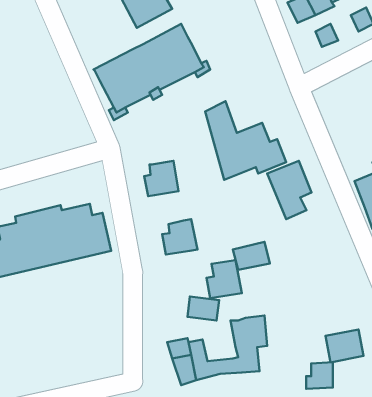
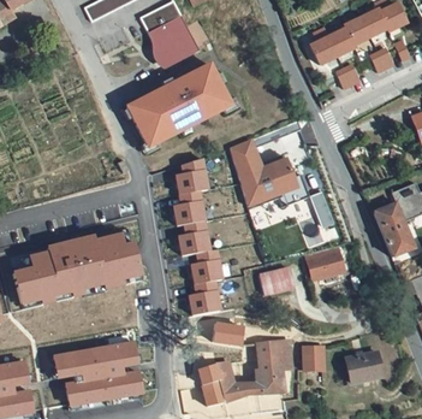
building: none -> [176,159,209,196]
building: none -> [178,222,210,255]
building: none -> [303,248,341,283]
building: [206,260,242,298] -> [189,278,222,314]
building: none -> [58,343,143,403]
building: [306,362,333,389] -> [297,347,322,372]

